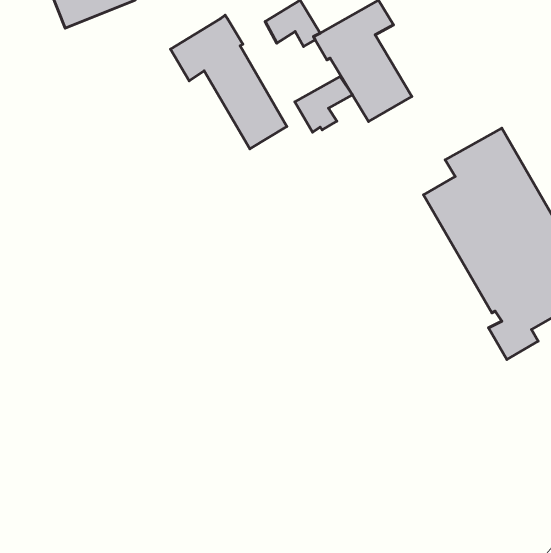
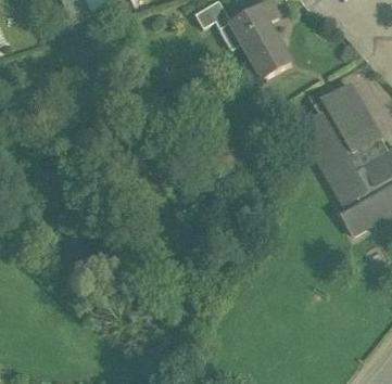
building: [171,15,287,149] -> none
building: [295,76,352,132] -> none

